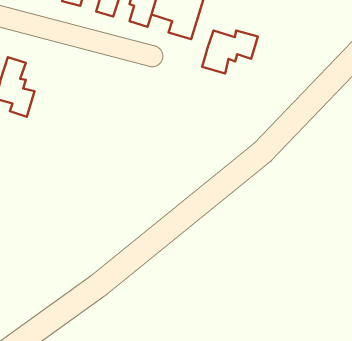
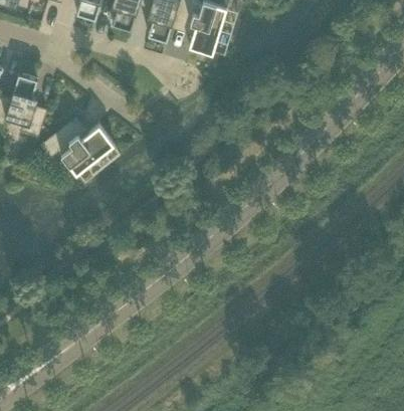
building: [202,30,258,74] -> none
building: none -> [40,118,115,176]

